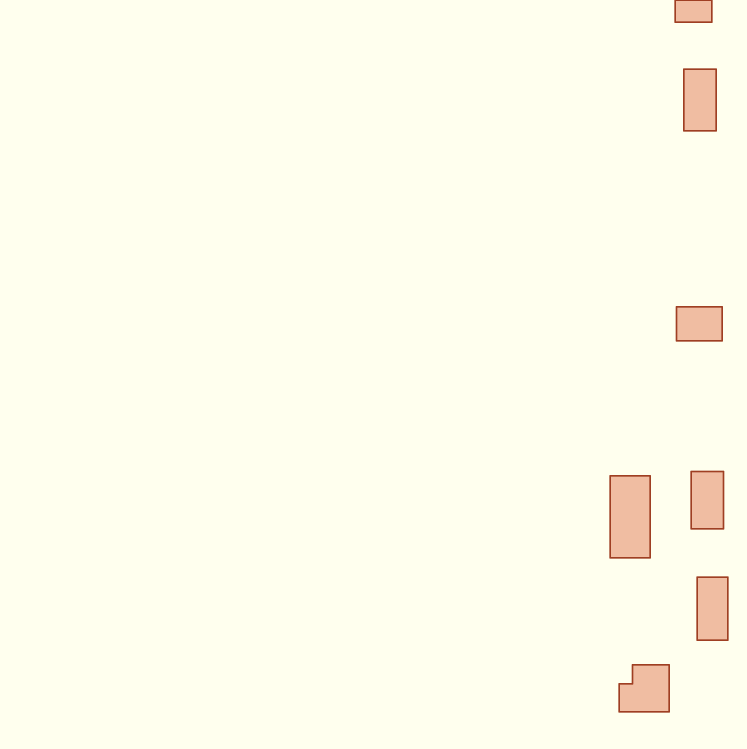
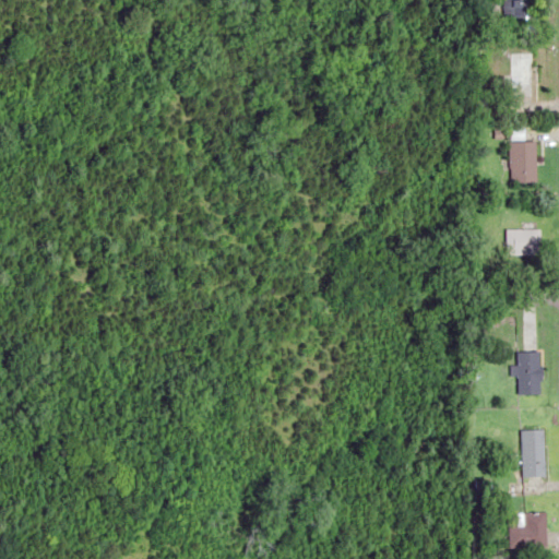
building: none -> [510,142,536,183]
building: [610,476,650,558] -> none
building: [619,665,669,712] -> [510,513,547,548]

